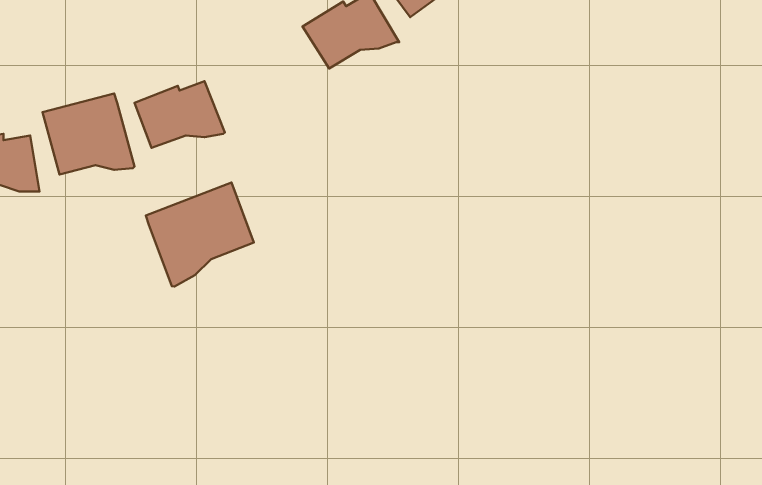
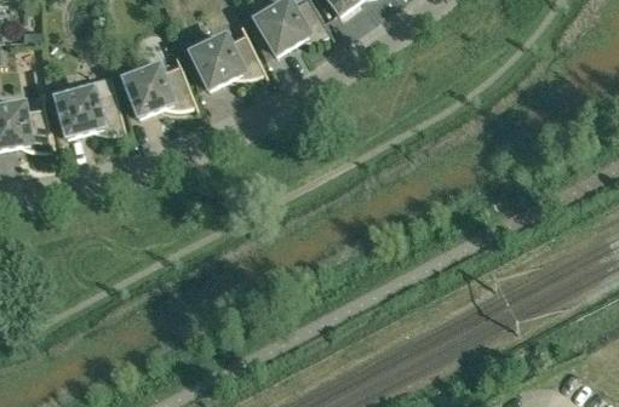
building: none -> [190,33,263,88]
building: [146,183,254,286] -> none

